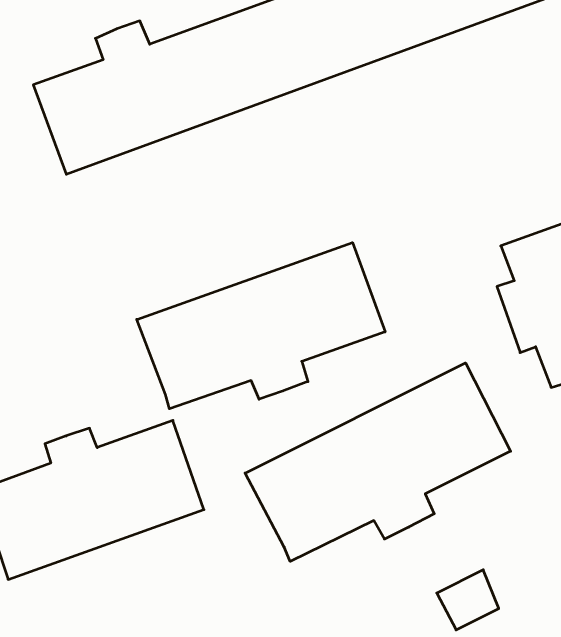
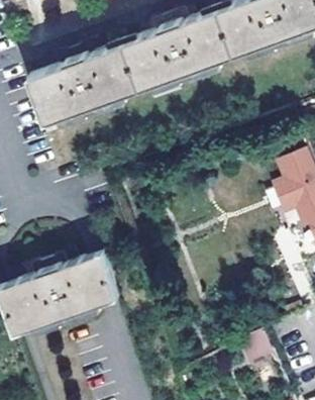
building: [137,243,385,409] -> none
building: [245,363,511,561] -> none

